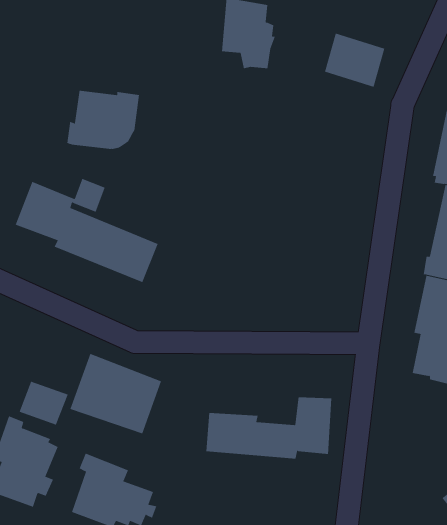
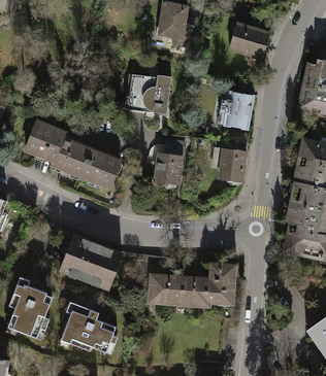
building: [66,90,140,149] -> [122,74,170,113]
building: none -> [217,92,253,130]
building: none -> [156,138,188,190]
building: none -> [213,147,249,185]
building: [19,381,68,426] -> none

